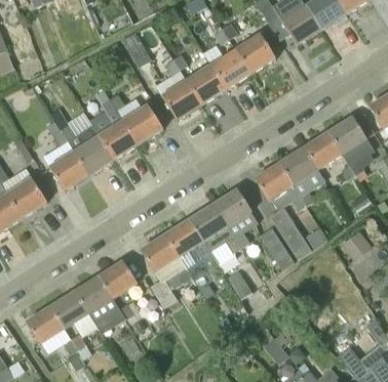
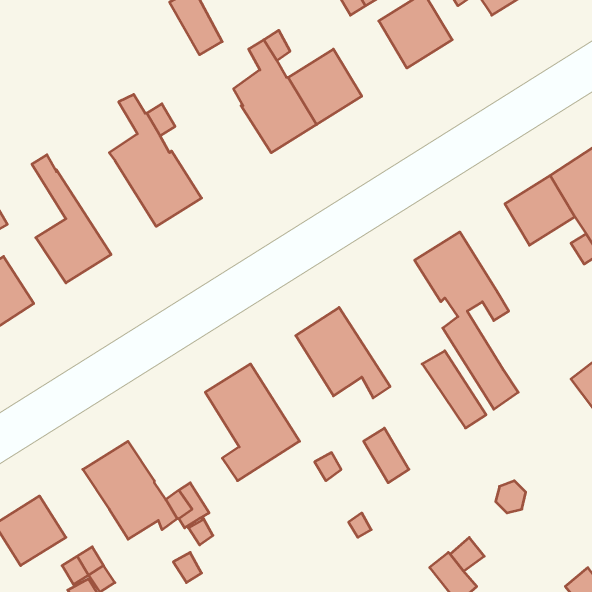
building: [210,48,250,89] -> none
building: [122,103,163,144] -> none
building: [60,124,114,175] -> none
building: [279,147,324,206] -> none
building: [214,188,259,247] -> none
building: [165,219,210,277] -> none
building: [99,261,138,298] -> none
building: [50,292,88,329] -> none

